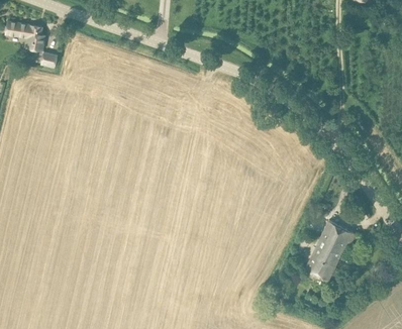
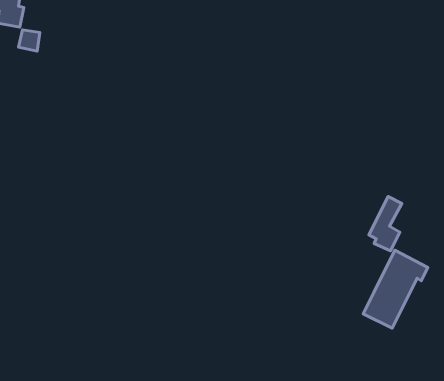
building: none -> [369,196,402,251]

